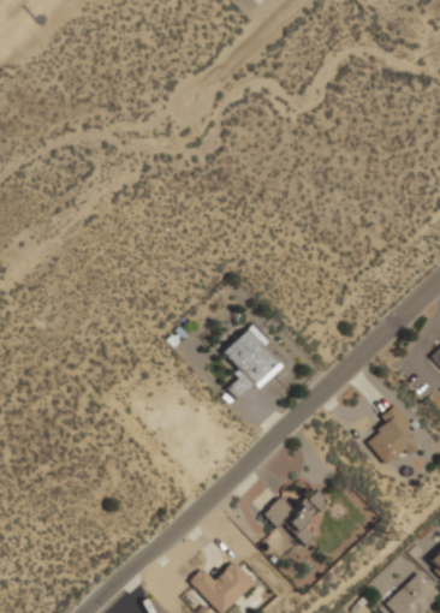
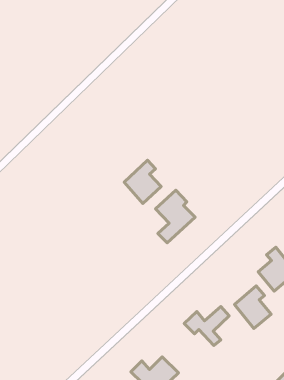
building: none -> [124,160,161,203]
building: none -> [234,286,271,329]

